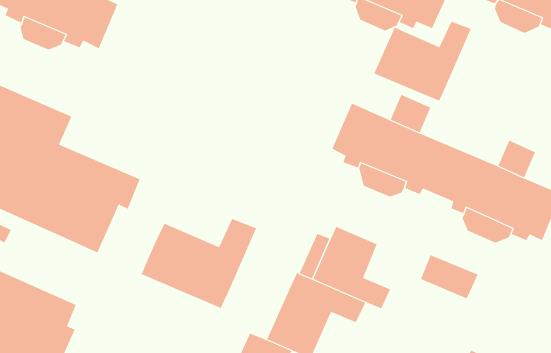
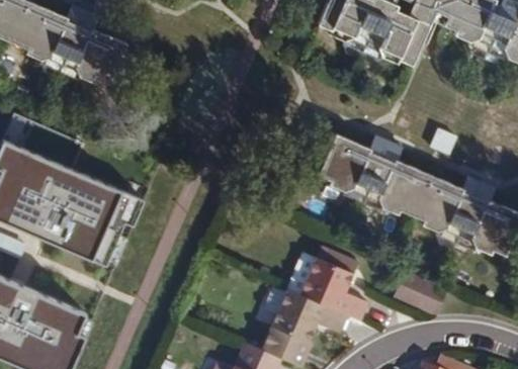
building: [374,21,472,102] -> none
building: [141,218,257,309] -> none

